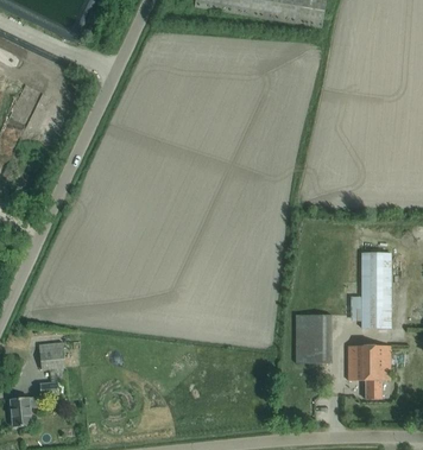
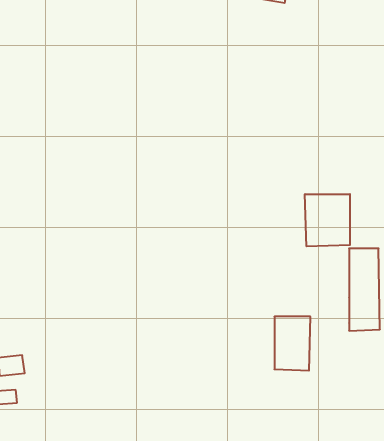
building: none -> [305,194,350,246]
building: [347,346,389,399] -> none

